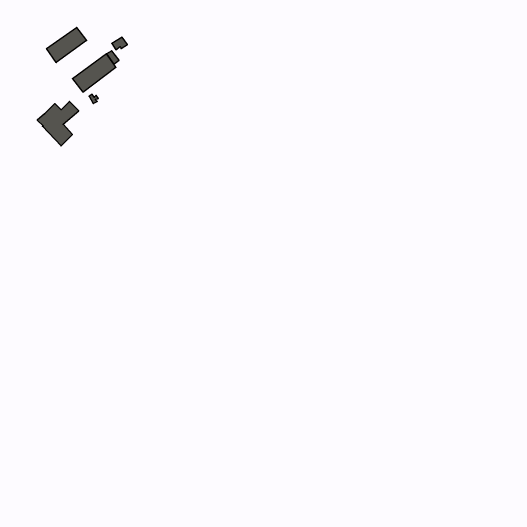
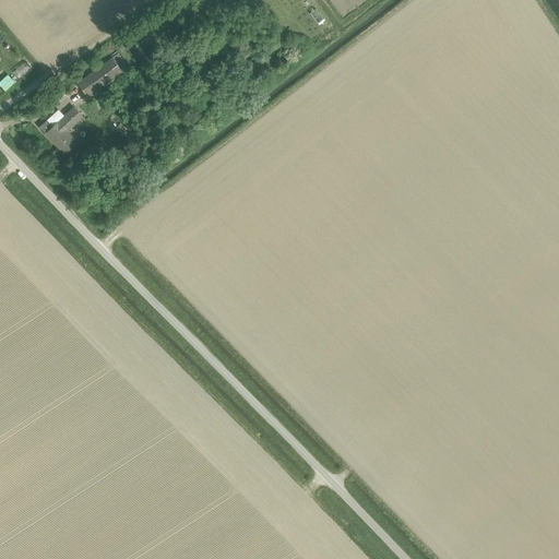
building: [47,27,87,63] -> none

